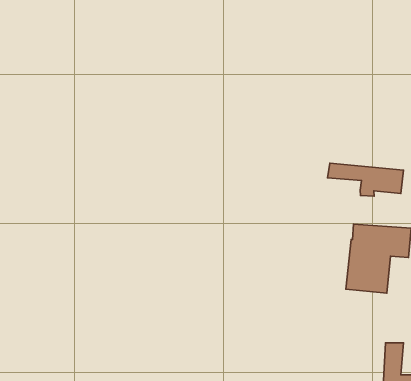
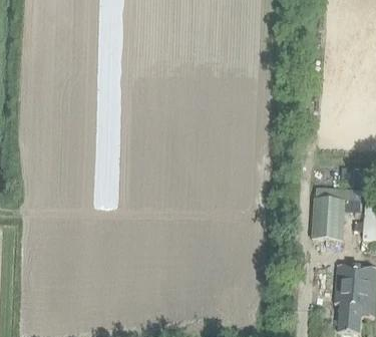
building: [327,163,403,196] -> none

